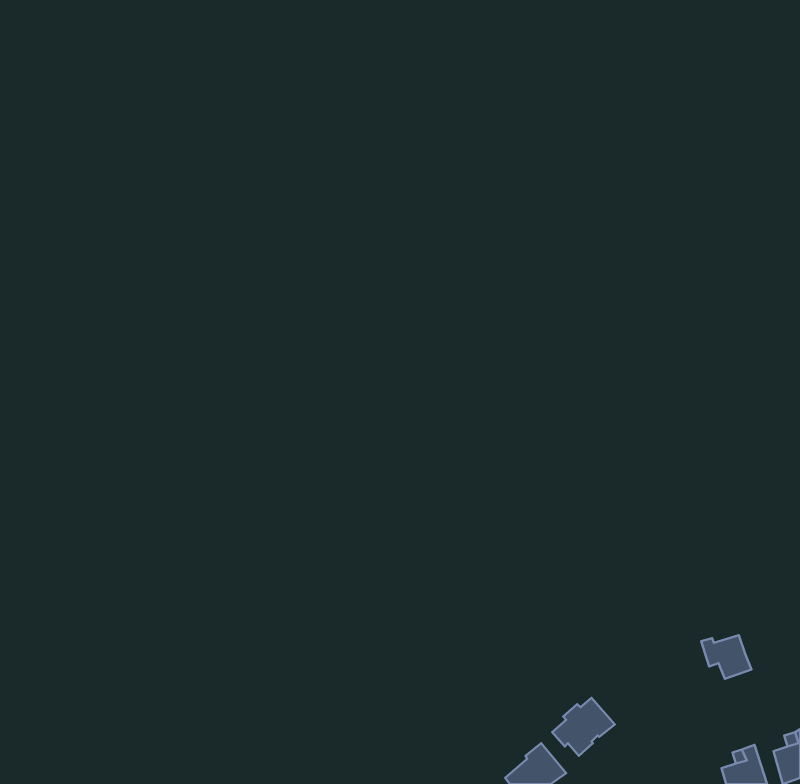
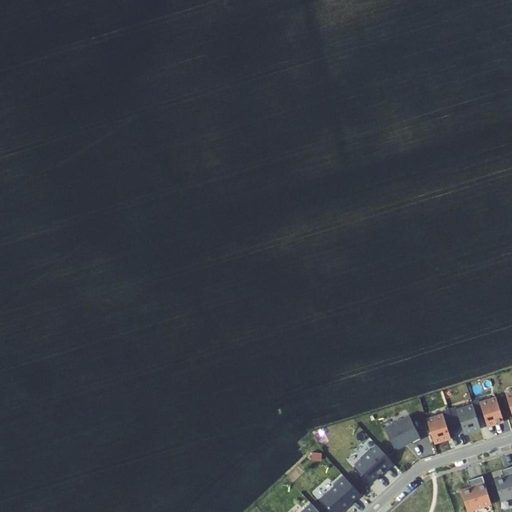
building: none -> [470,398,502,425]
building: none -> [426,409,452,442]
building: none -> [385,417,419,449]

